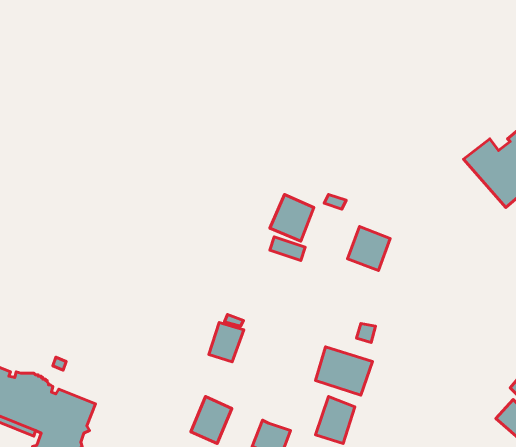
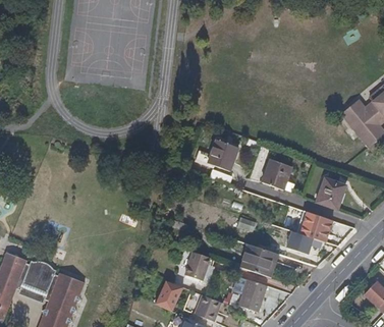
building: none -> [315,177,345,207]
building: none -> [283,210,330,252]
building: [209,322,244,362] -> [185,252,210,279]

